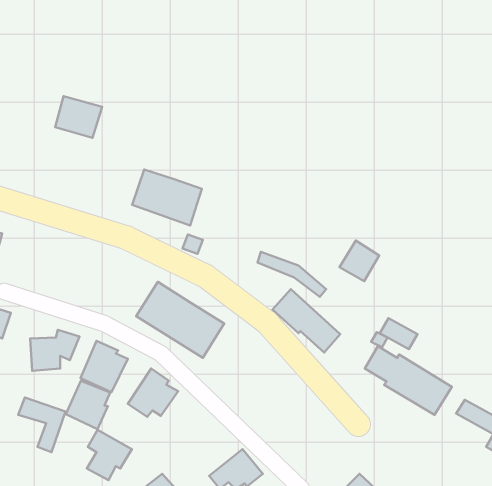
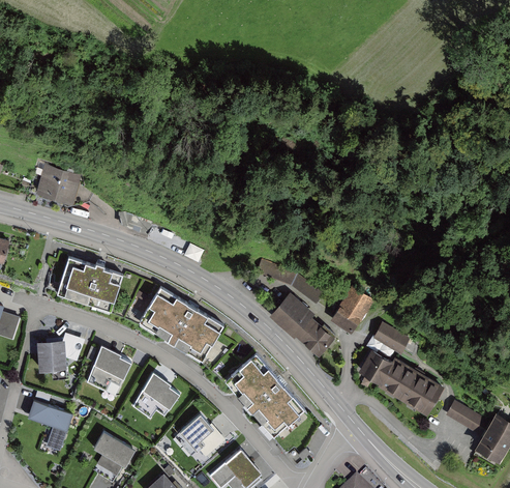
building: [55,96,102,138] -> [35,165,81,205]
building: [132,170,202,225] -> [59,257,126,311]
building: [340,240,379,281] -> [331,293,369,333]
building: none -> [224,351,309,440]
building: [66,381,110,429] -> none
building: none -> [178,413,224,458]

